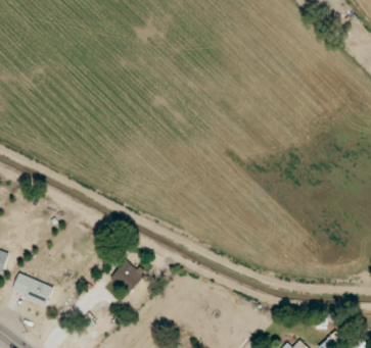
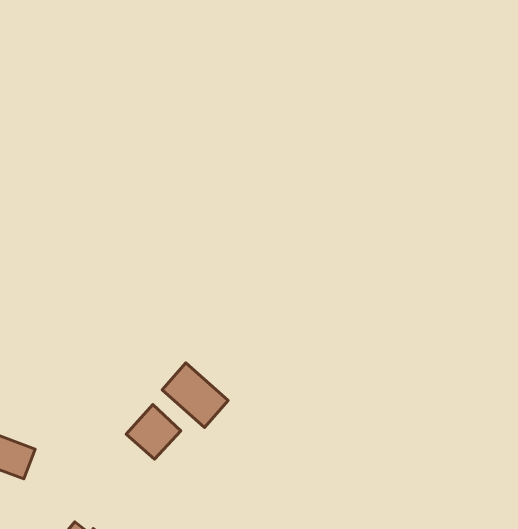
building: none -> [162,363,228,428]

